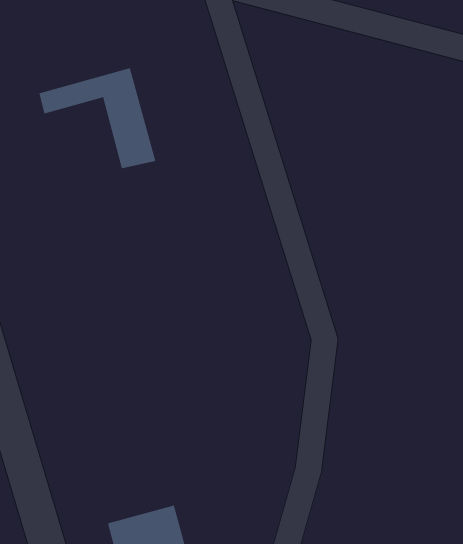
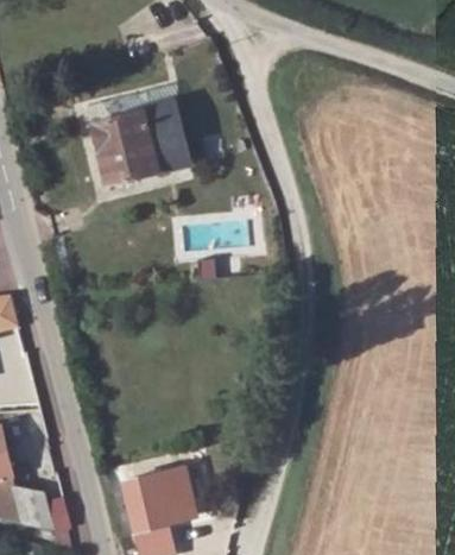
building: none -> [91,120,153,191]

